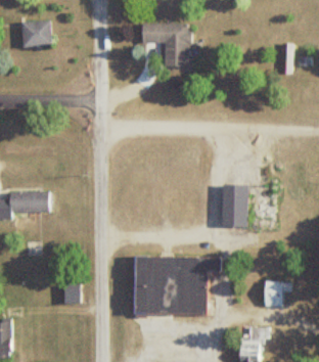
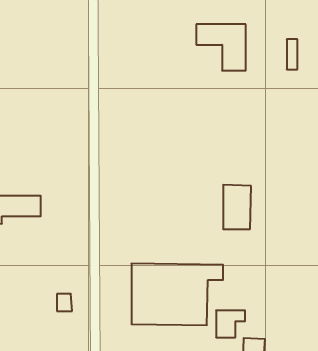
building: [22,22,51,47] -> none
building: [142,25,189,69] -> [196,24,246,71]
building: [264,282,291,308] -> [216,310,245,337]

